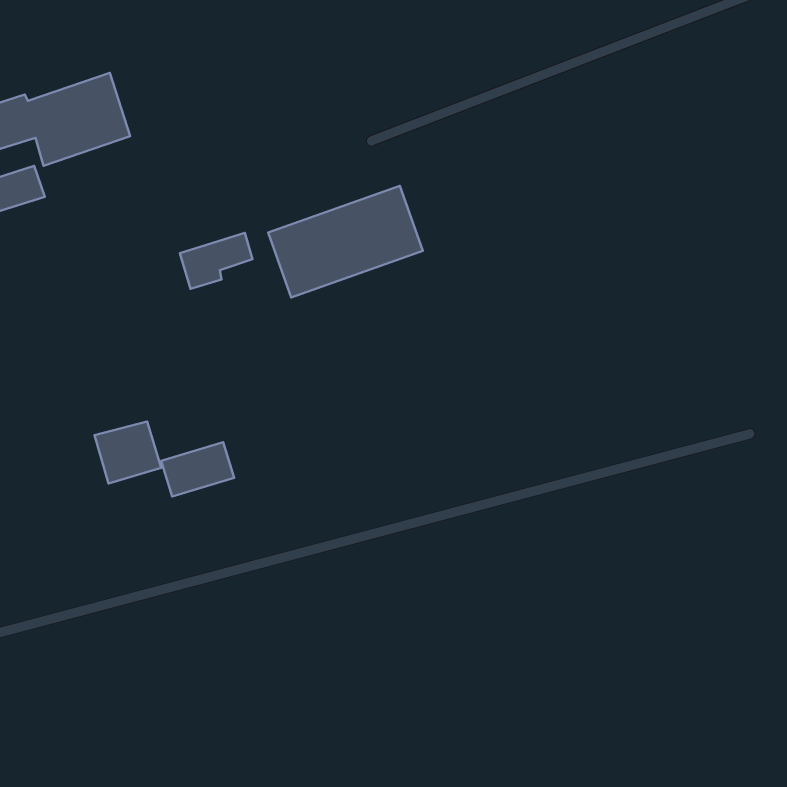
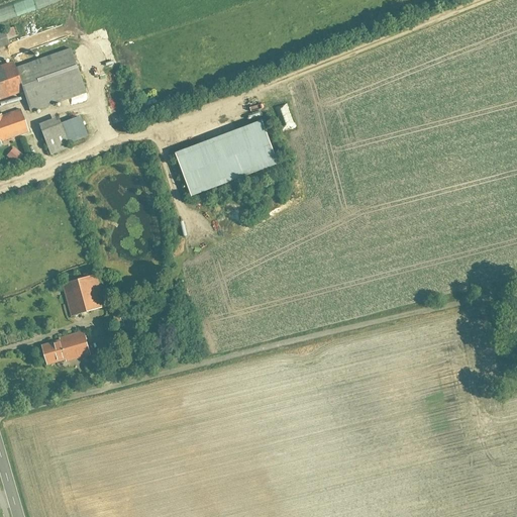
building: [180,233,253,289] -> [41,117,89,153]
building: [161,442,234,496] -> [42,329,90,365]

